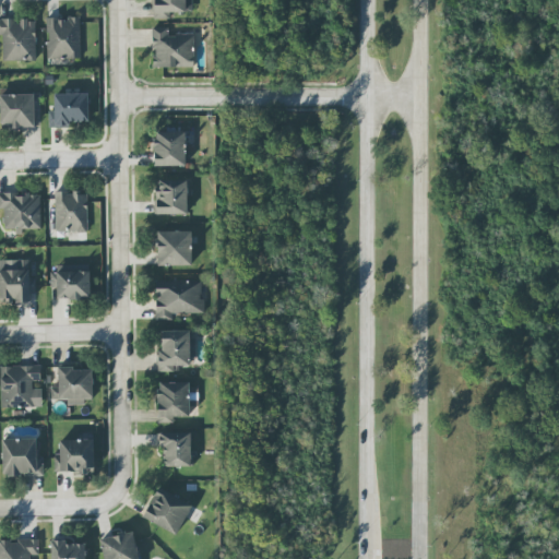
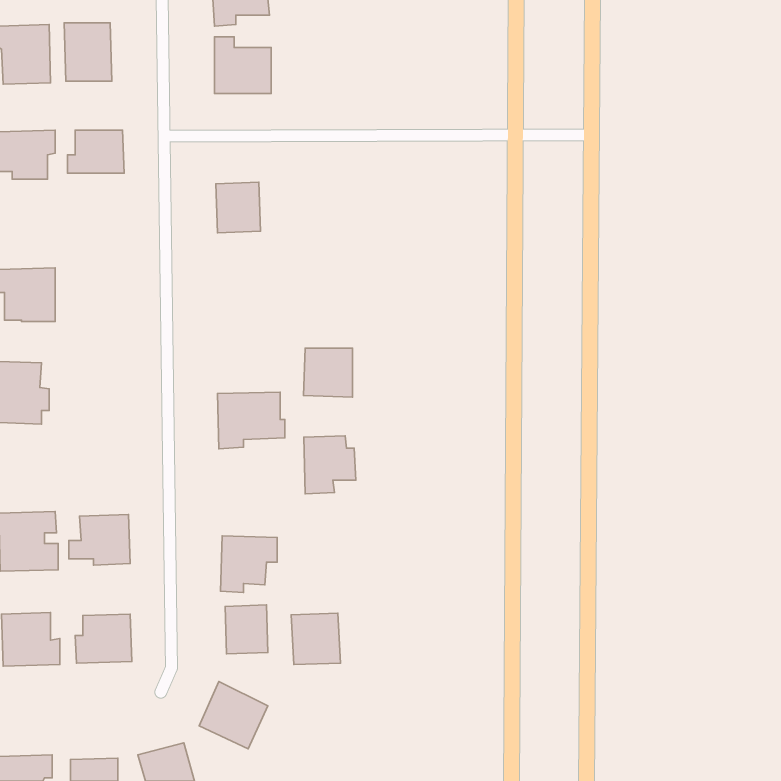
building: [154,178,187,214] -> none
building: [53,191,87,230] -> none
building: [156,230,191,265] -> [304,348,353,397]
building: [52,264,90,298] -> none
building: [158,330,195,371] -> [304,436,356,494]
building: none -> [291,613,341,665]

